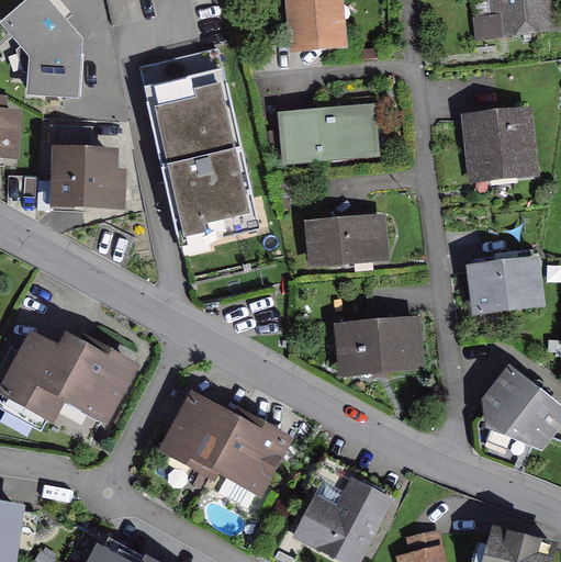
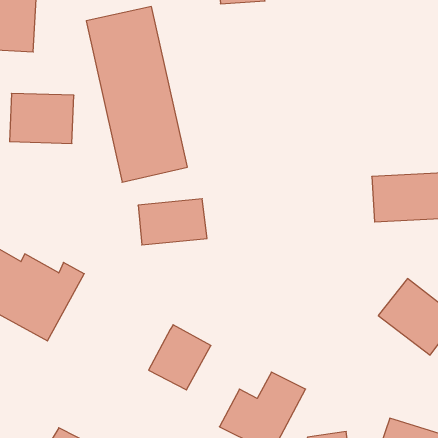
building: [280,102,378,164] -> none
building: [458,115,531,187] -> none
building: [306,213,386,267] -> [138,199,207,245]
building: [339,315,420,379] -> none
building: [161,398,237,475] -> none

